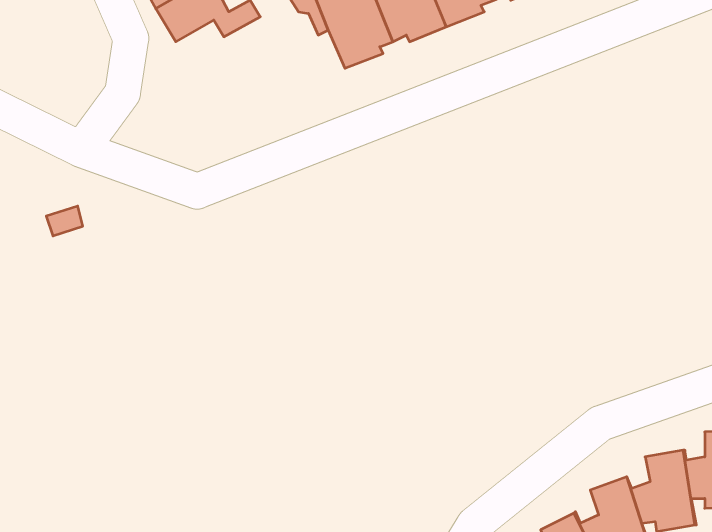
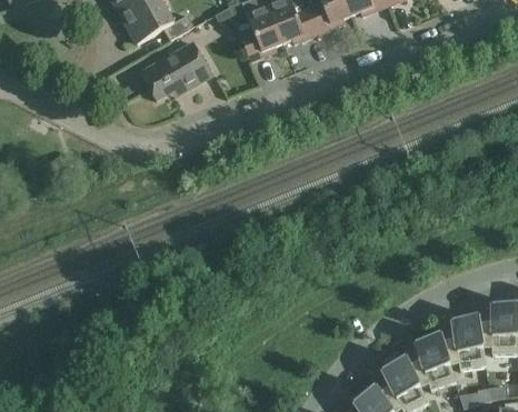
building: none -> [140,40,211,98]

